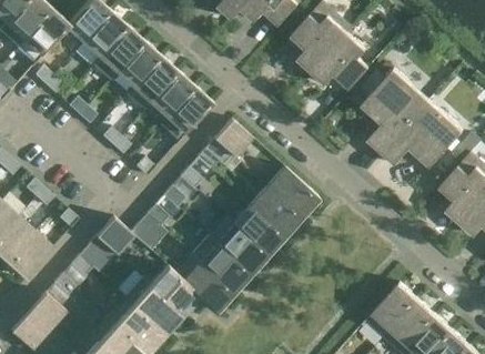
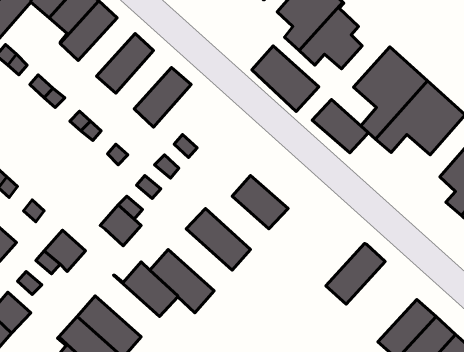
building: [109,42,161,95] -> none
building: none -> [252,46,319,111]
building: [143,72,194,125] -> none
building: [213,120,251,158] -> none
building: [266,168,317,216] -> [312,100,368,153]
building: [225,205,283,254] -> none
building: [94,218,133,255] -> none
building: [191,235,250,292] -> none
building: [124,277,183,334] -> none
building: [364,283,418,338] -> [326,243,385,304]

